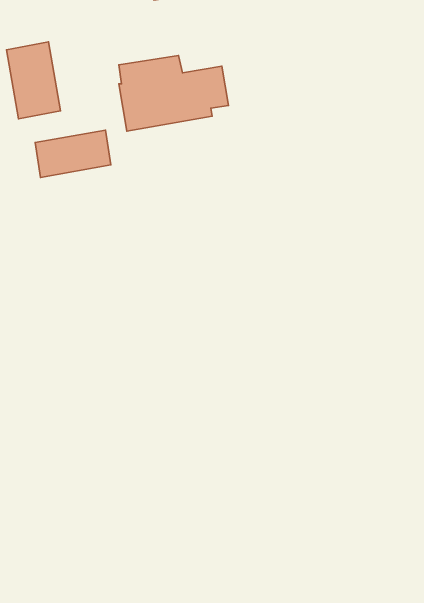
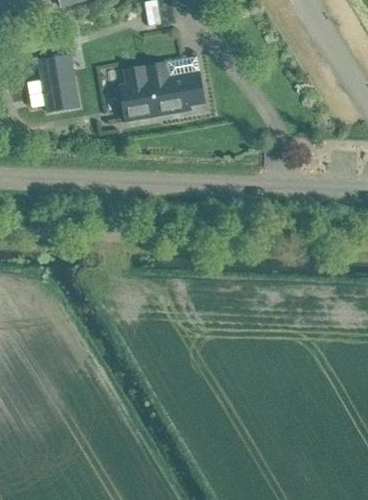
building: [35,130,111,177] -> none

